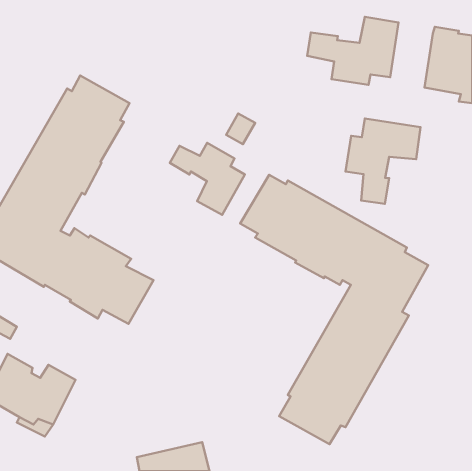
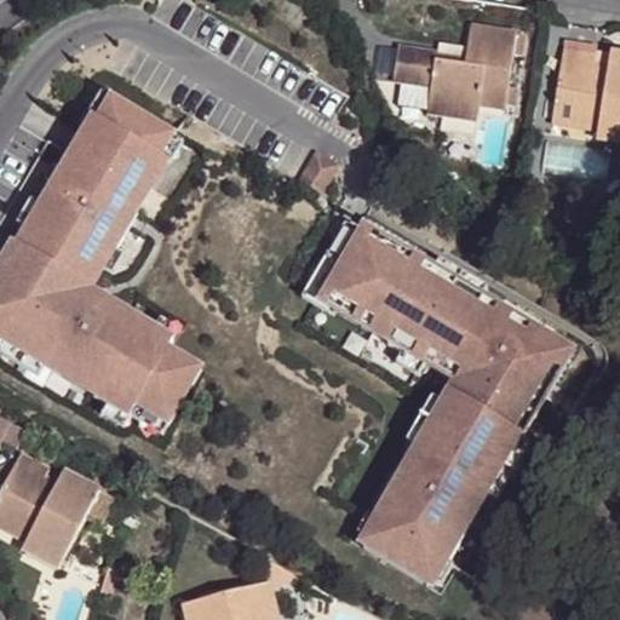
building: [346,119,421,204] -> none
building: [170,143,245,215] -> none

